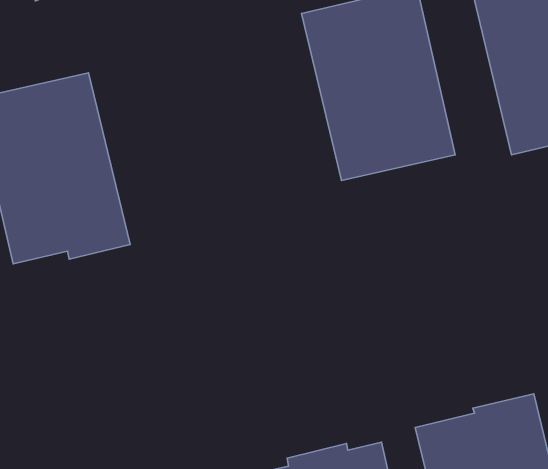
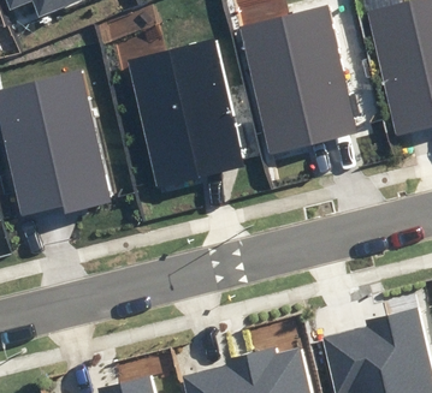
building: none -> [129,42,243,187]

